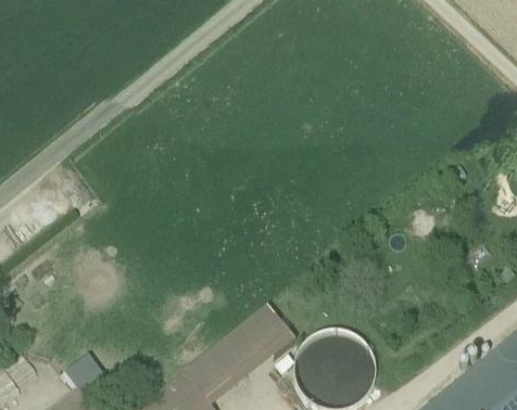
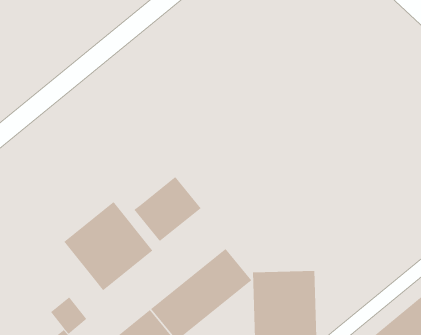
building: none -> [134,176,201,242]
building: none -> [64,201,153,291]

